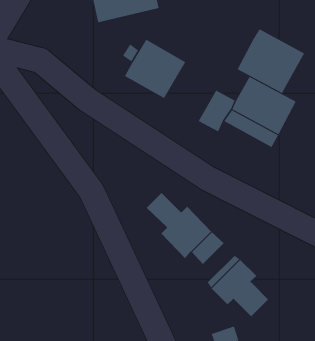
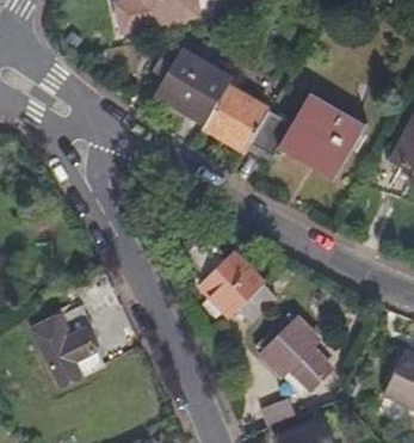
building: [237,28,305,94] -> none
building: none -> [204,84,270,149]
building: none -> [32,301,106,383]

